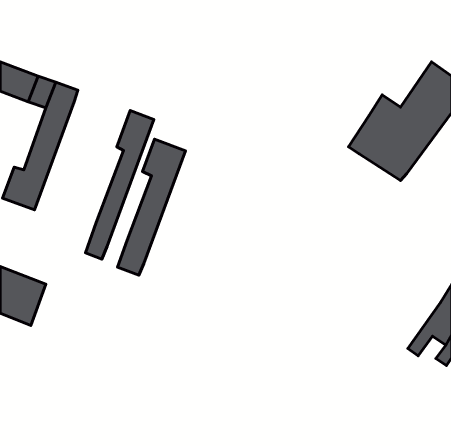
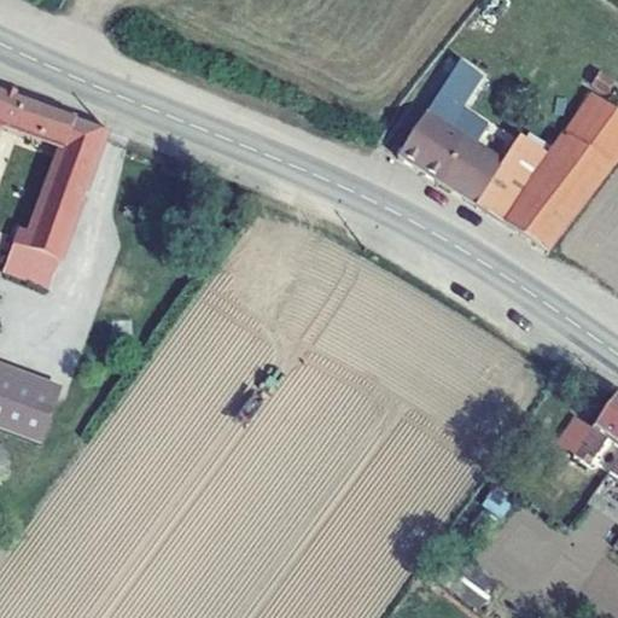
building: none -> [398,74,505,200]
building: [85,110,154,259] -> none
building: [117,139,185,275] -> none

